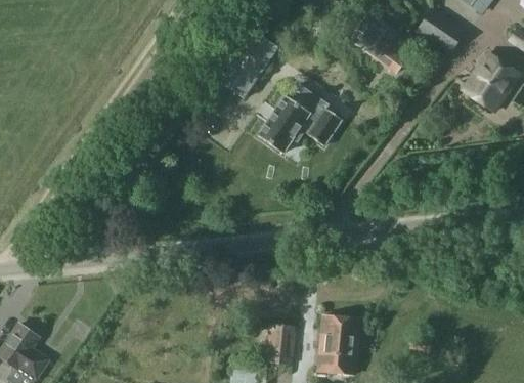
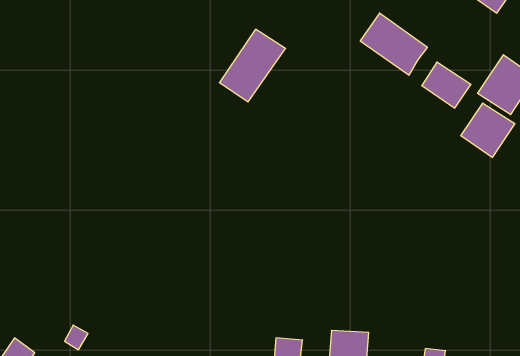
building: [418,10,465,54] -> [422,62,471,108]
building: [258,84,341,154] -> none
building: none -> [461,103,515,157]

